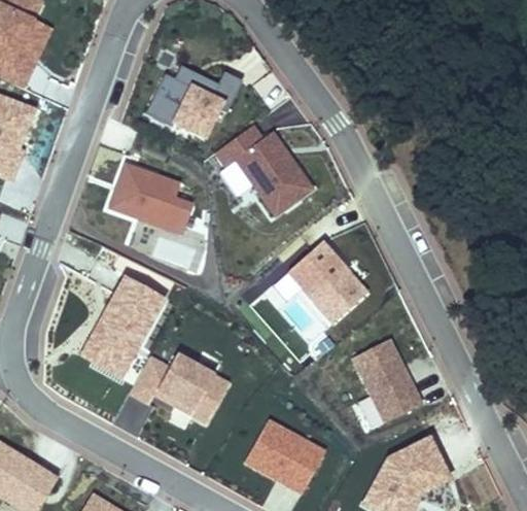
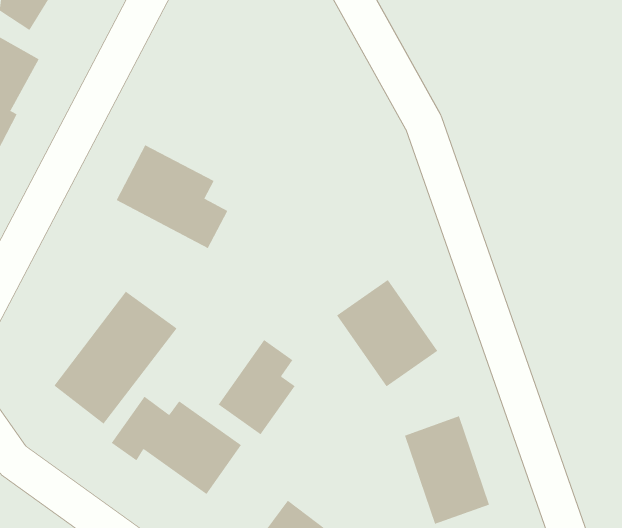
building: [145,66,244,143] -> none
building: [213,123,315,217] -> none
building: none -> [218,339,295,435]

